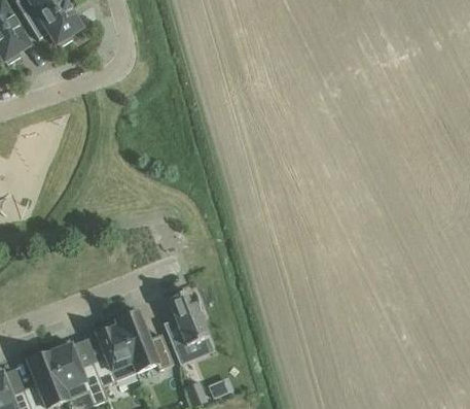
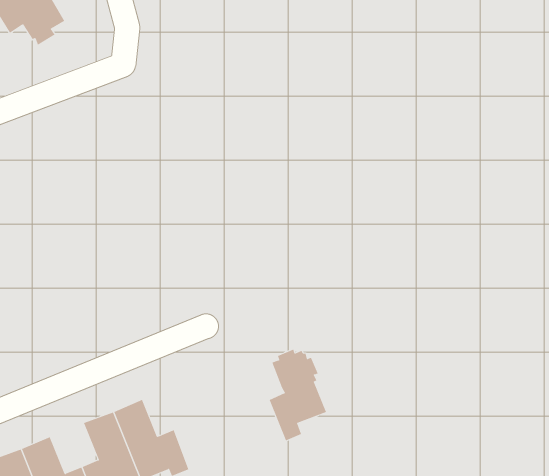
building: [167,289,210,359] -> [269,349,327,441]

